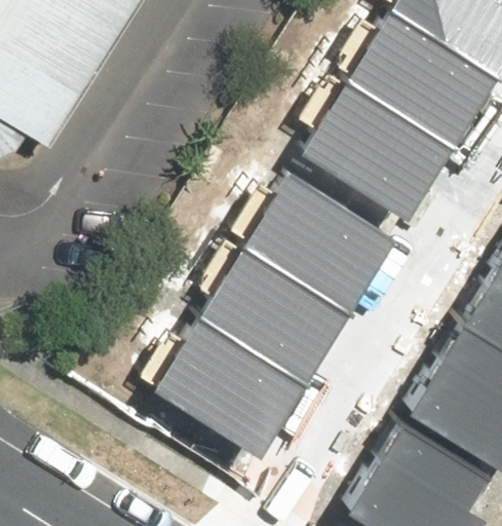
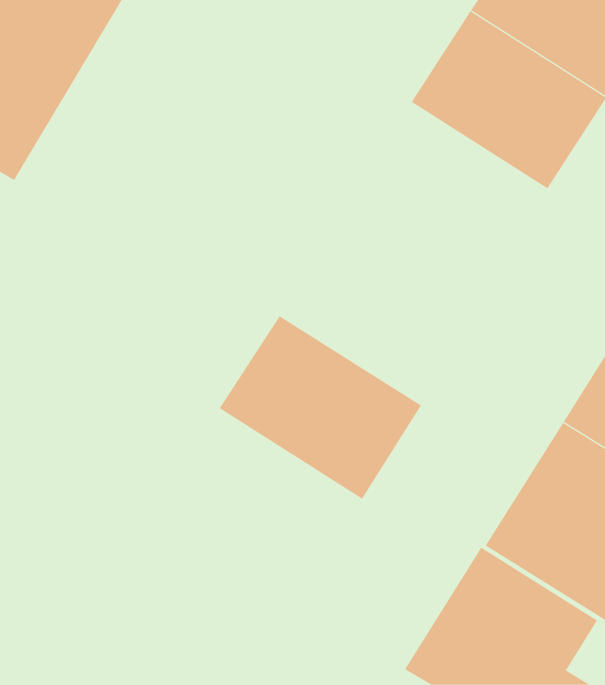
building: [305,79,454,216] -> none
building: [248,171,403,311] -> none
building: [157,313,312,454] -> none

